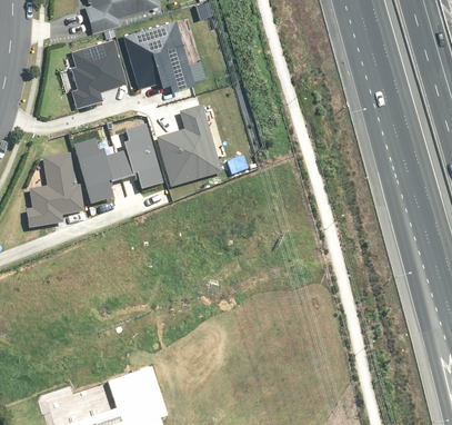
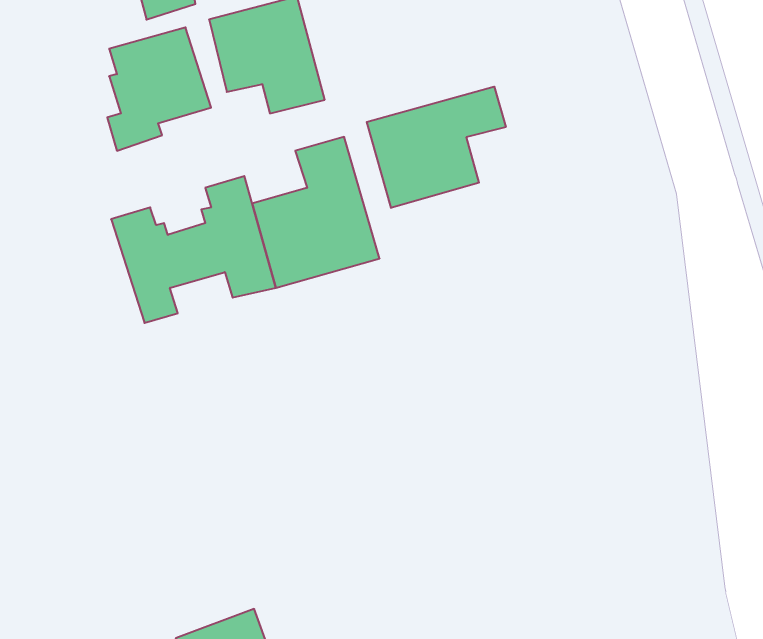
building: none -> [367,87,506,208]
building: [26,154,83,227] -> none

